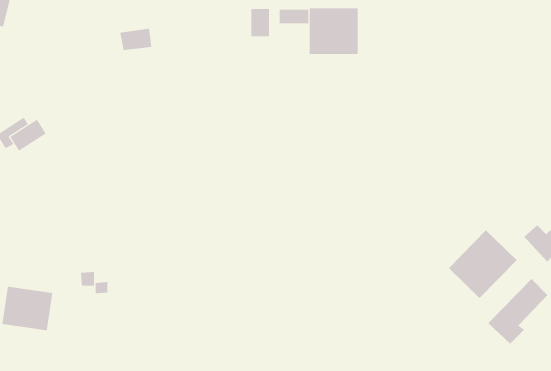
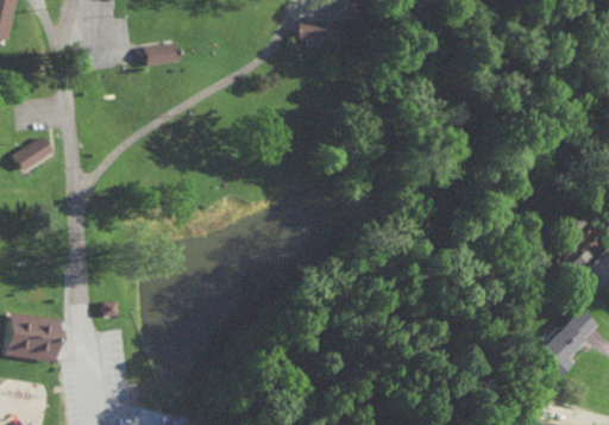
building: [309,8,358,55] -> none
building: [251,8,269,37] -> none
building: [448,230,517,299] -> none

